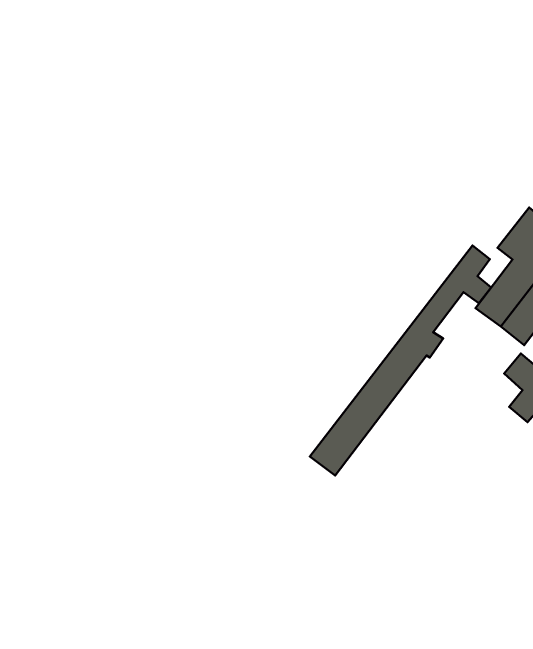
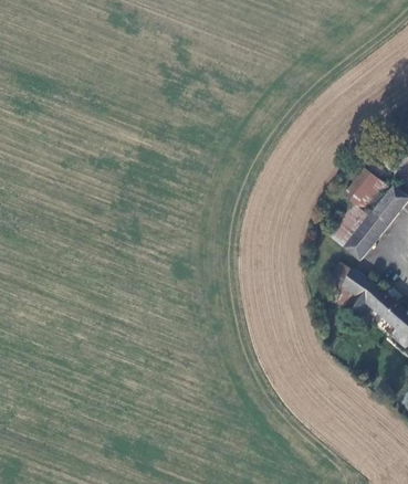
building: [310,246,491,475] -> none

